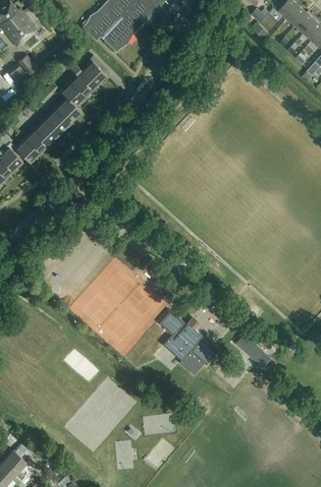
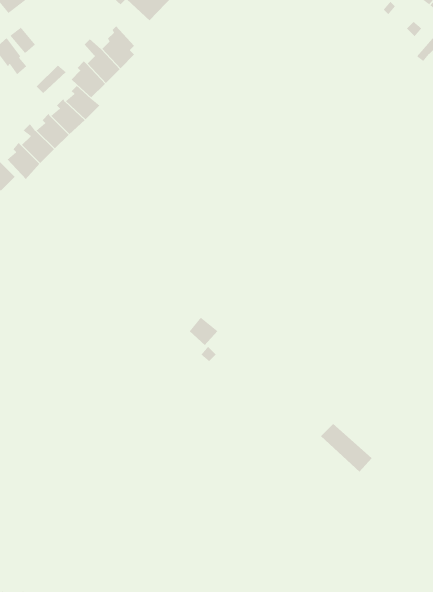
building: [159,310,217,375] -> none

